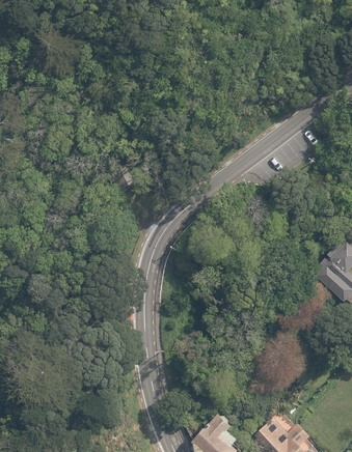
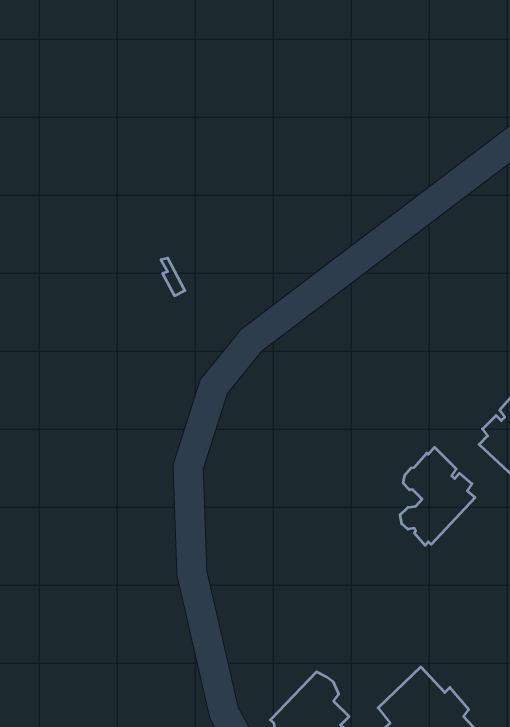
building: none -> [400,447,475,545]

